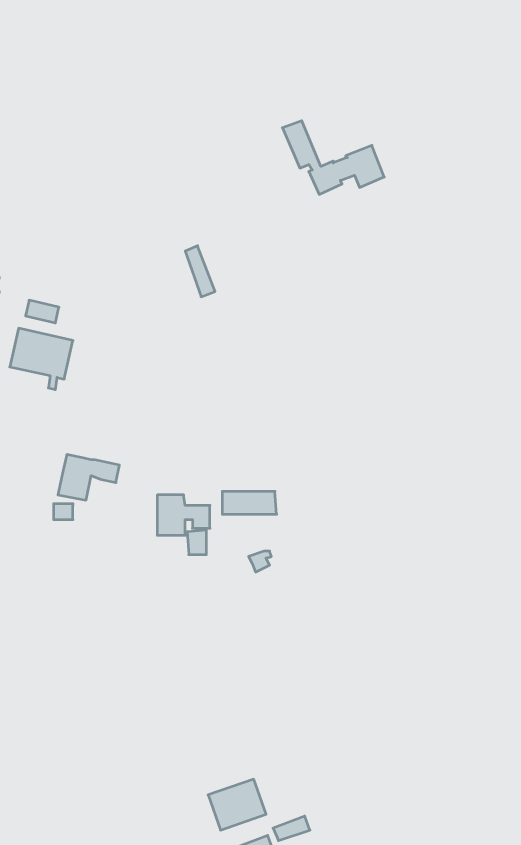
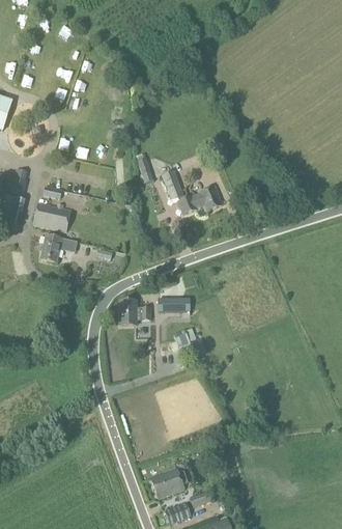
building: [282,121,384,194] -> [162,170,222,214]
building: [58,455,119,500] -> [40,234,77,261]

